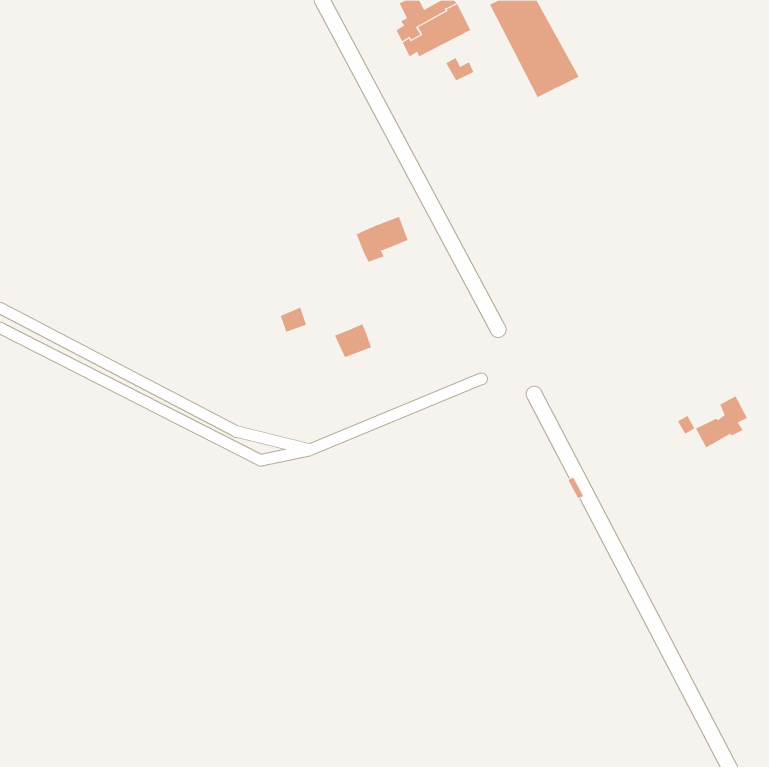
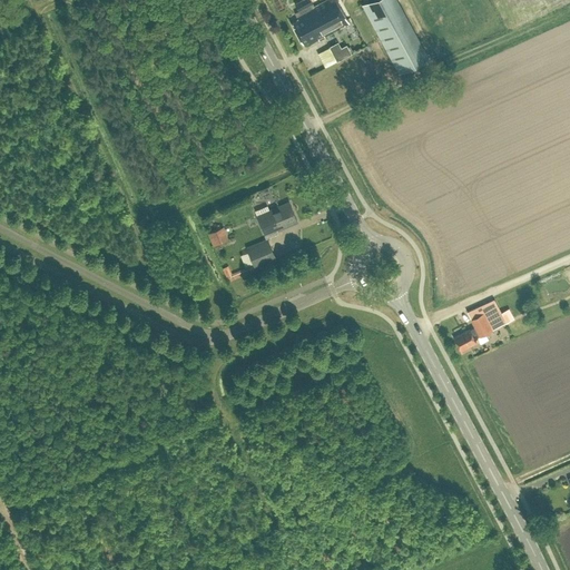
building: [356,216,409,263] -> [257,204,296,238]
building: [695,396,748,448] -> [453,313,492,352]

